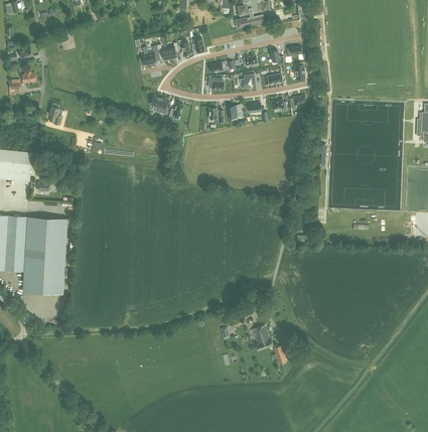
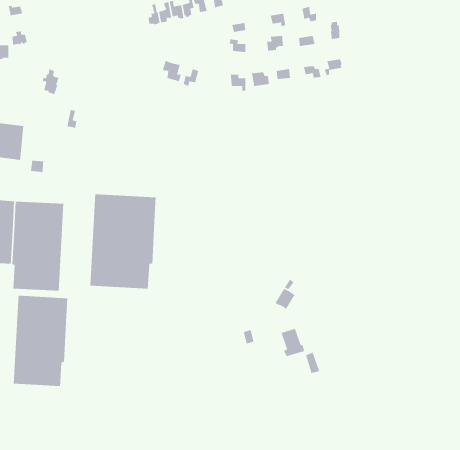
building: none -> [90,193,156,289]
building: none -> [13,295,68,387]

